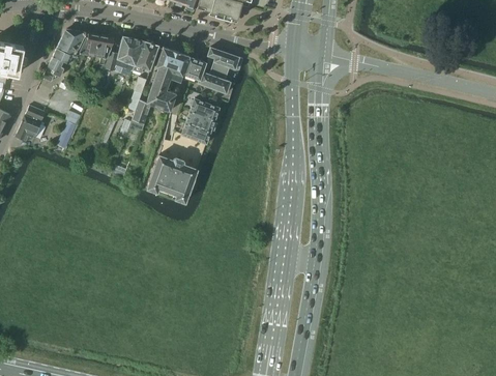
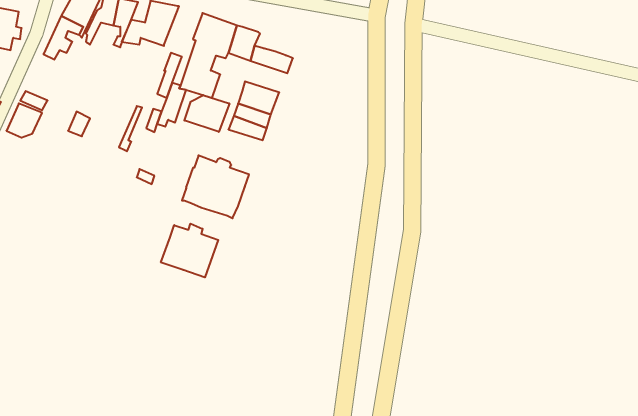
building: [134,41,158,73] -> none
building: [207,47,243,79] -> none
building: none -> [184,95,229,132]
building: none -> [161,224,218,277]

